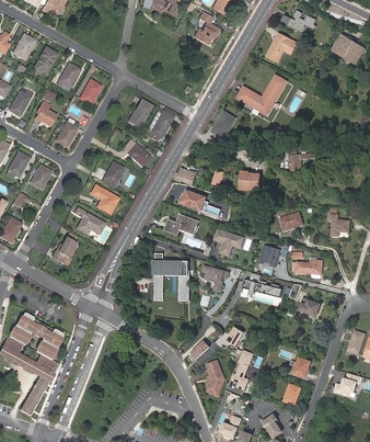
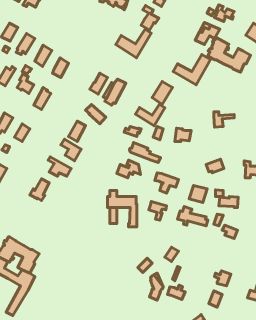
building: none -> [116,29,151,58]
building: none -> [208,38,250,72]
building: none -> [135,104,165,126]

